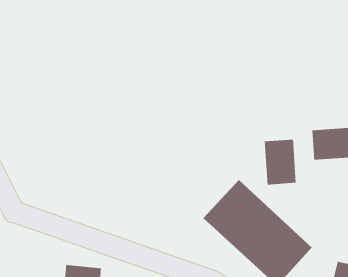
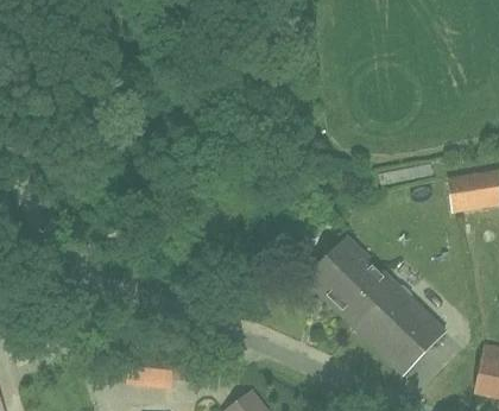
building: [264,139,296,185] -> none

